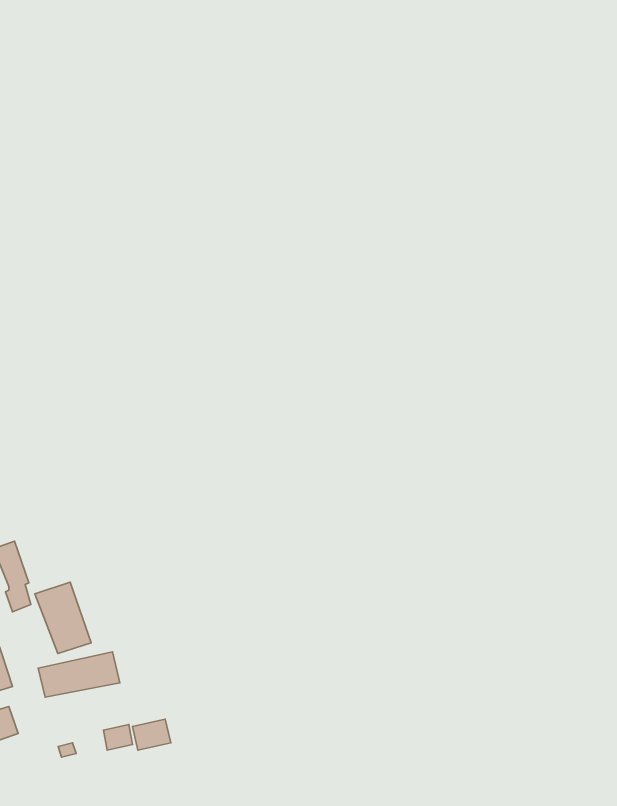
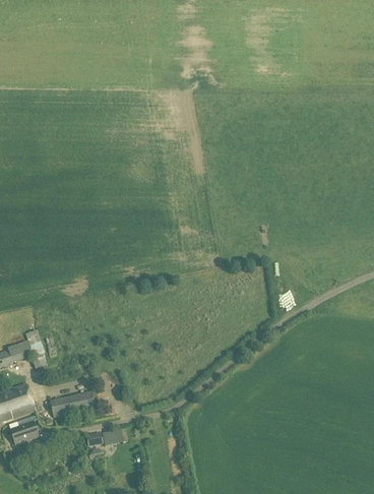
building: [35,582,91,654] -> none

